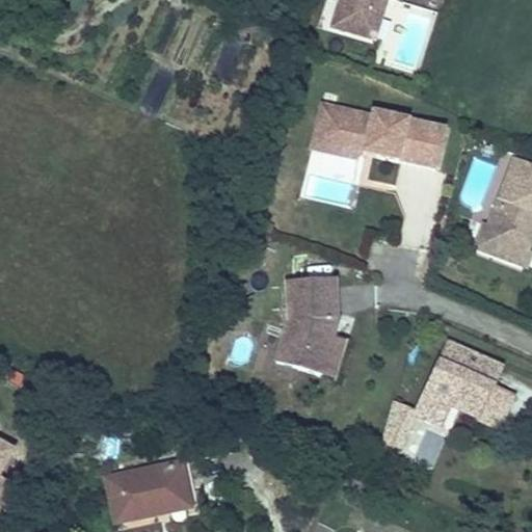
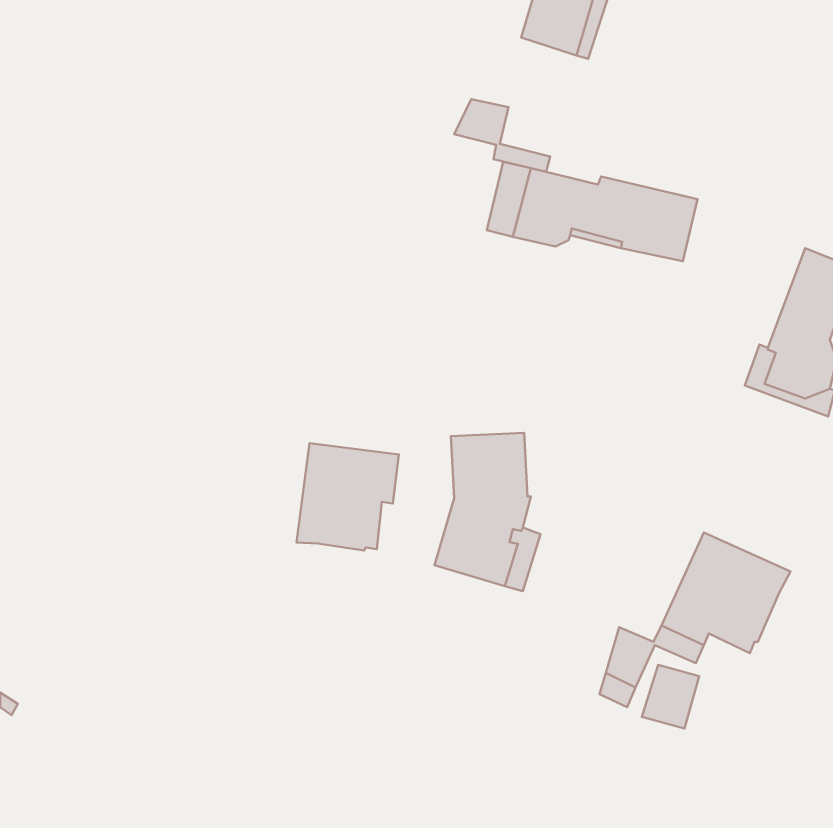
building: none -> [454,99,550,172]
building: none -> [297,443,399,550]
building: [478,377,517,425] -> none
building: [106,460,189,520] -> none

